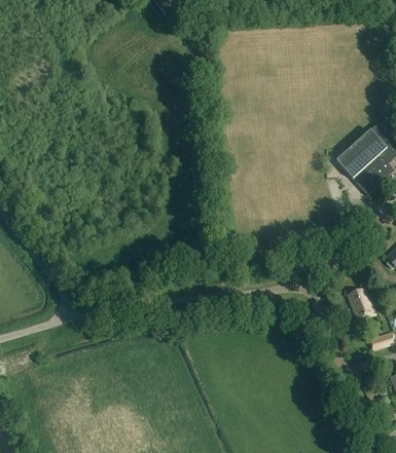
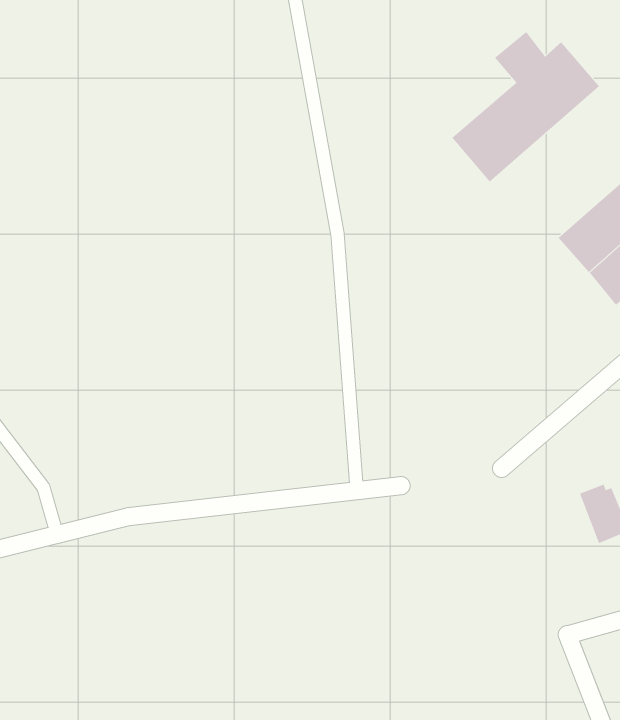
building: none -> [451,31,600,182]

